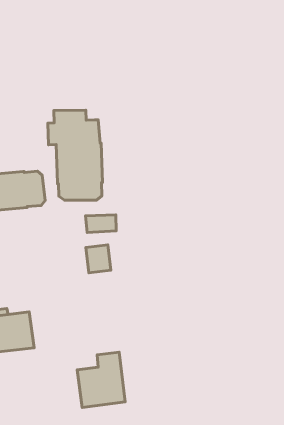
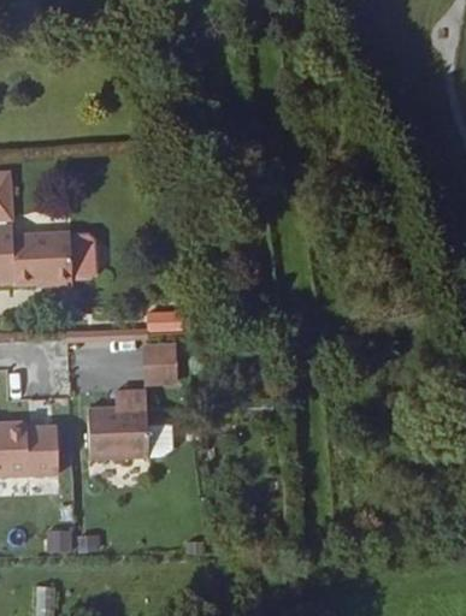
building: [48,110,102,200] -> none
building: [77,352,125,407] -> [85,389,147,460]

